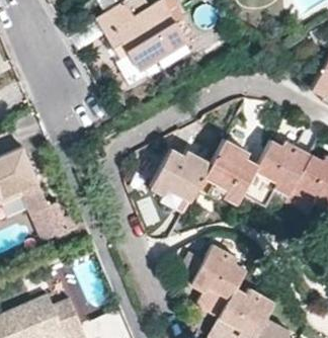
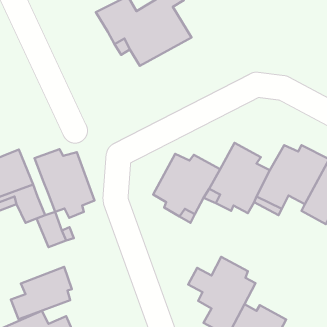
building: none -> [35,149,95,218]
building: none -> [11,267,72,319]

